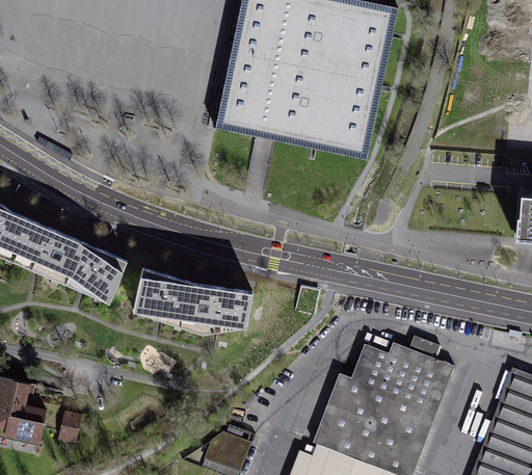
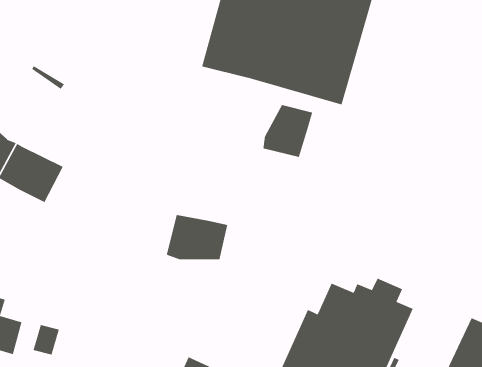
building: none -> [262,104,313,158]
building: [60,240,129,302] -> none
building: [136,267,198,326] -> none

